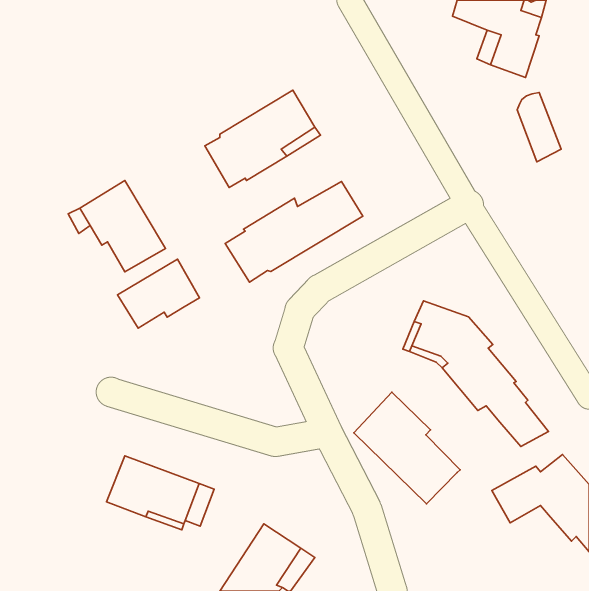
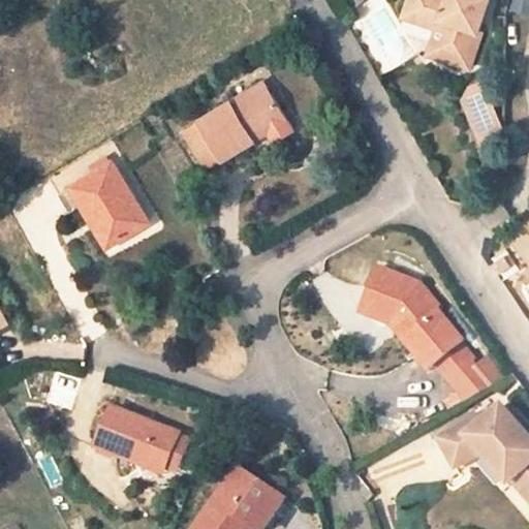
building: [225,181,363,282] -> none
building: [118,259,200,328] -> none
building: [354,392,460,504] -> none

